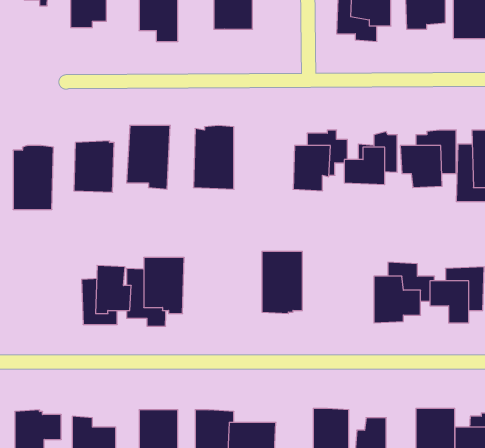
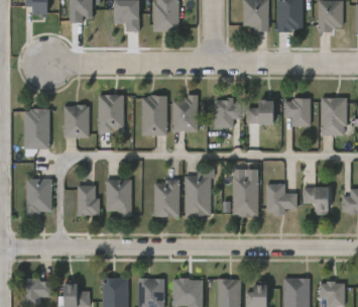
building: none -> [172,93,199,130]
building: none -> [233,167,258,215]
building: none -> [154,178,180,214]
building: none -> [28,179,55,216]

